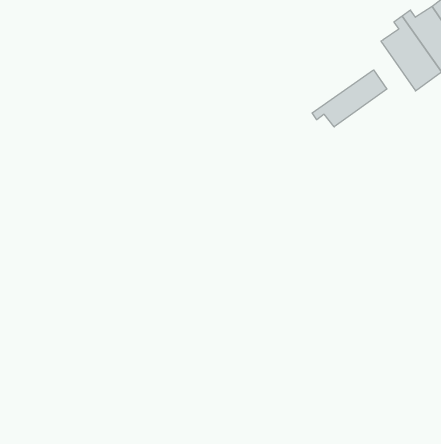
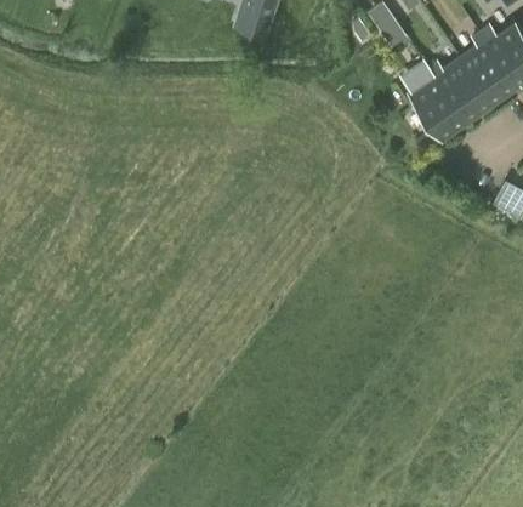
building: [312,70,387,127] -> none

